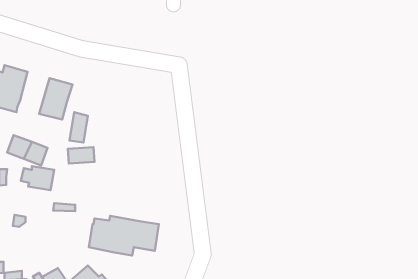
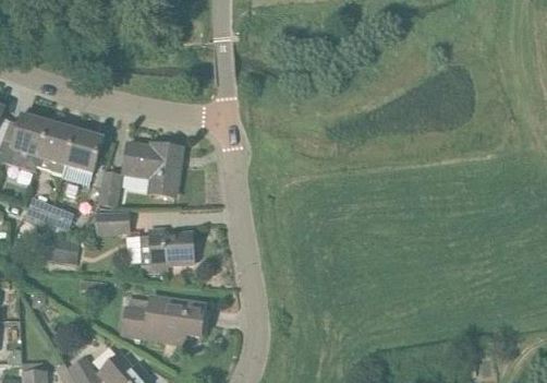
building: none -> [37,123,75,173]
building: none -> [124,144,179,195]
building: none -> [139,229,193,271]

